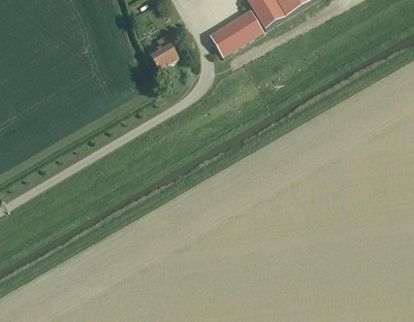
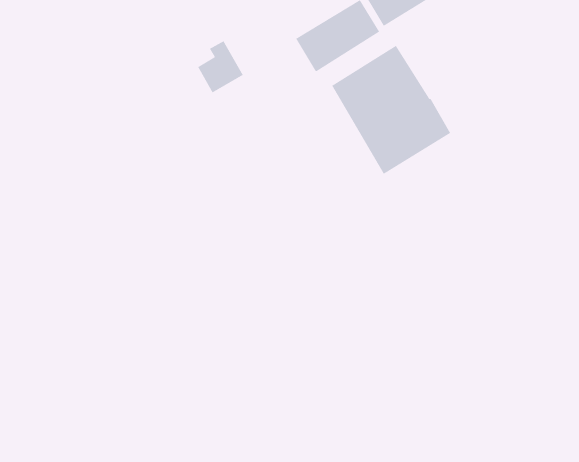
building: none -> [331,45,451,175]

